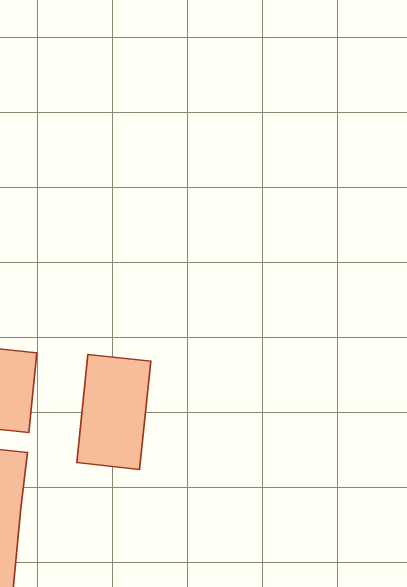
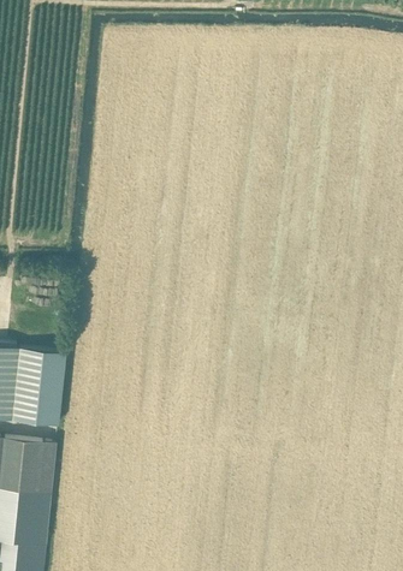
building: [77,354,151,469] -> none

